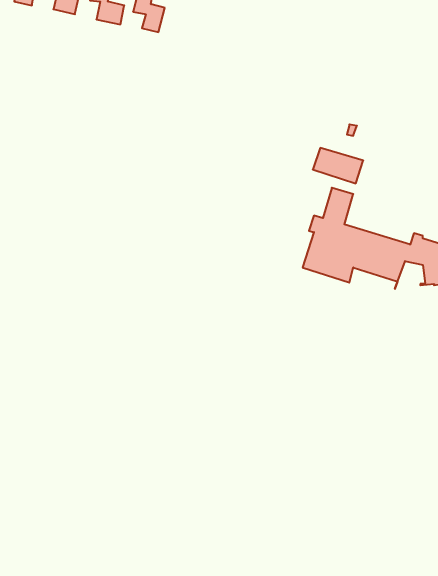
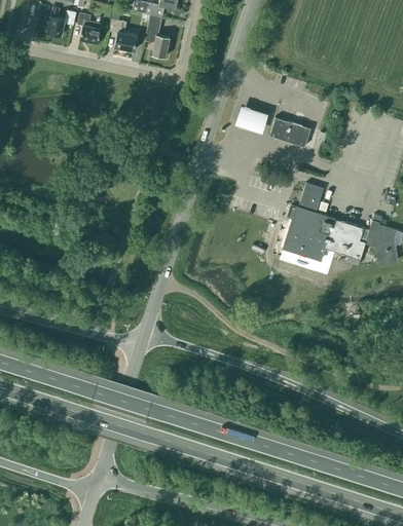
building: none -> [235,107,268,134]
building: [313,148,363,183] -> [270,118,312,147]

